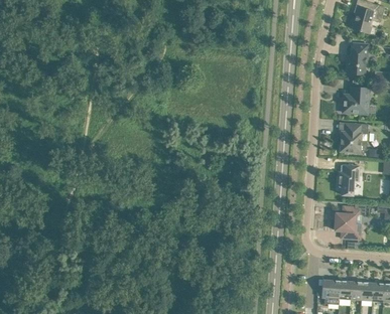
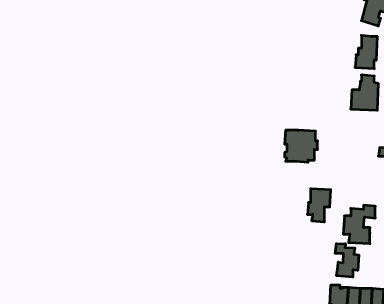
building: [338,123,369,153] -> [285,130,318,162]
building: [337,165,359,196] -> [307,189,331,222]
building: none -> [335,244,359,277]

